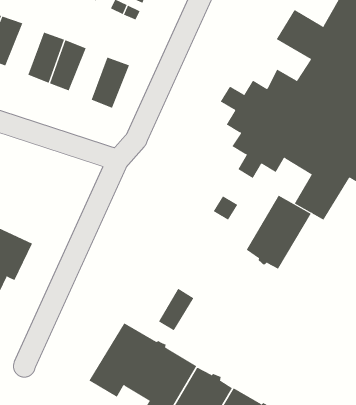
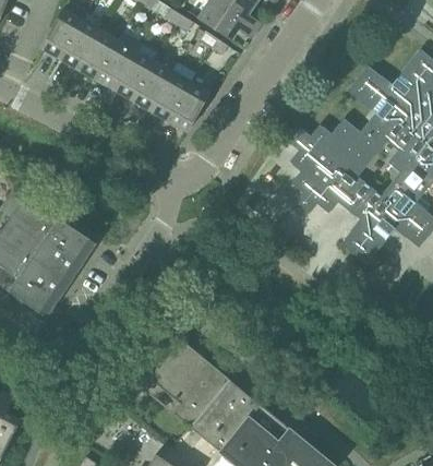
building: none -> [97,40,136,88]
building: none -> [152,72,191,120]
building: [245,195,312,270] -> none
building: [158,288,194,331] -> none

